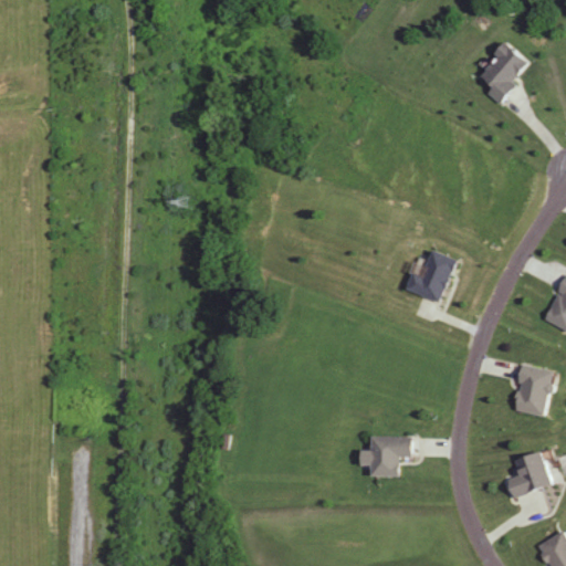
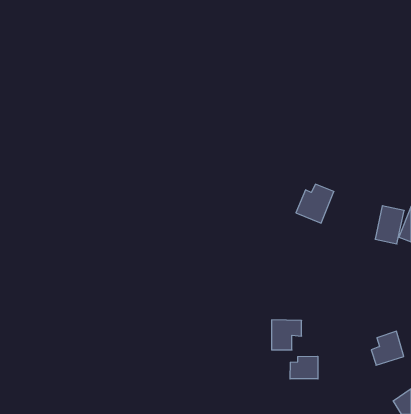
building: [479,44,531,104] -> none
building: [512,365,552,417] -> [375,206,404,244]
building: none -> [290,356,318,379]

